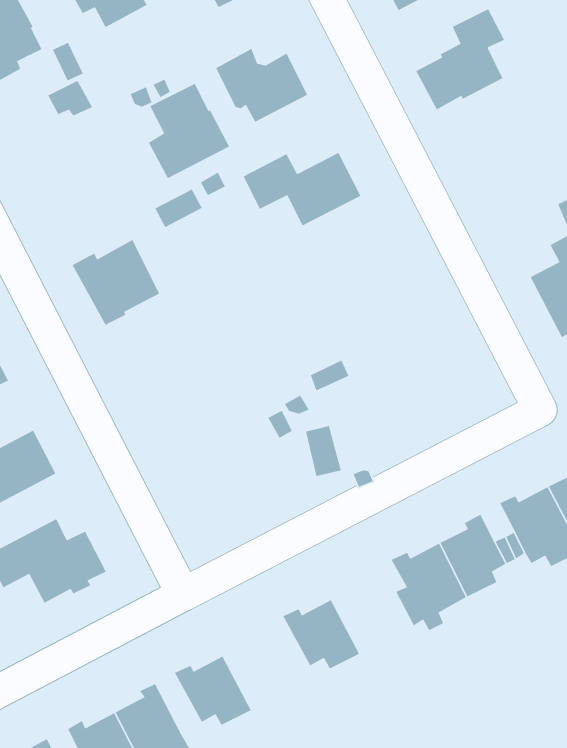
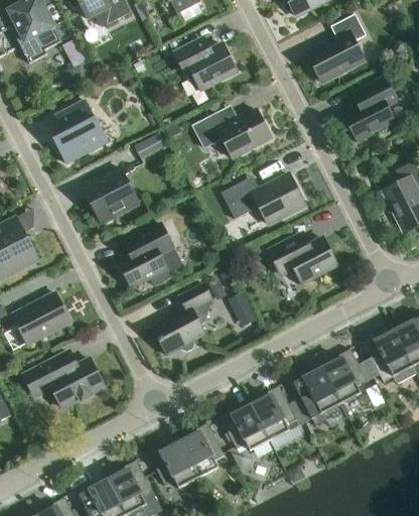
building: [148,83,230,179] -> [53,100,108,163]
building: none -> [341,77,397,143]
building: none -> [221,174,305,224]
building: none -> [118,224,182,287]
building: none -> [267,232,336,283]
building: none -> [151,283,212,355]
building: none -> [251,385,305,440]
building: none -> [179,422,224,478]

